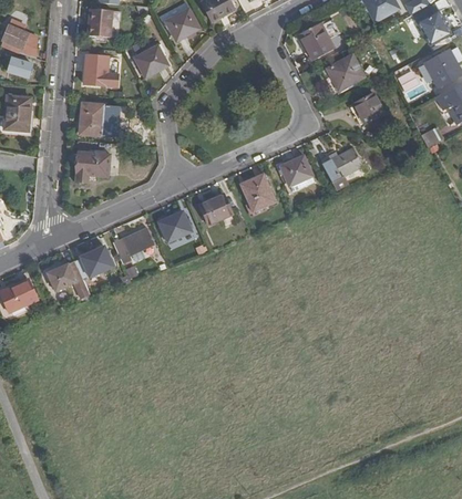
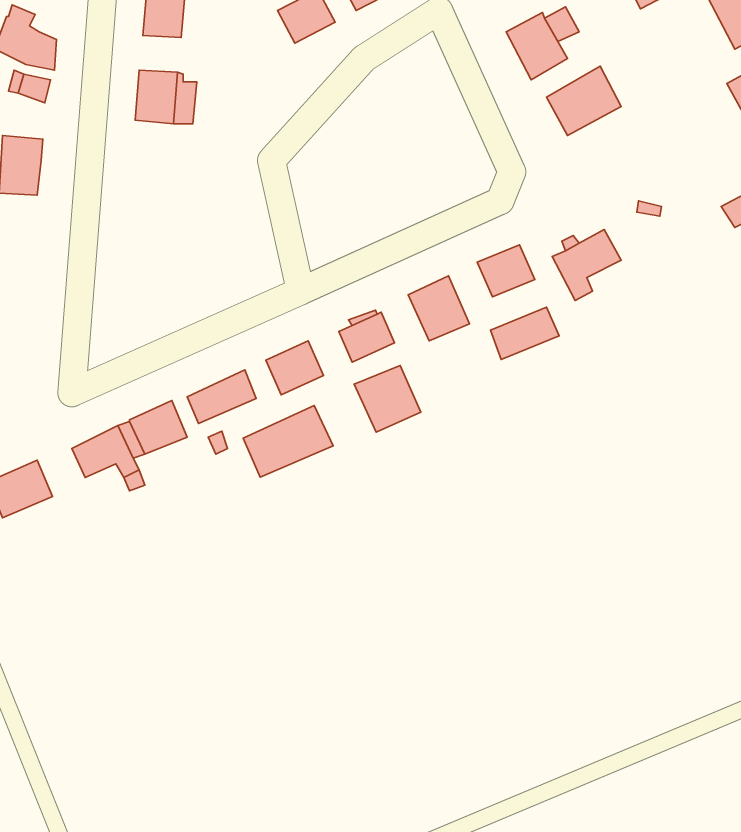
building: [134,45,167,77] -> none
building: [353,94,386,125] -> none
building: [79,104,104,136] -> none
building: [75,153,104,184] -> none
building: none -> [490,307,559,359]
building: none -> [354,365,421,432]
building: none -> [243,406,333,477]

